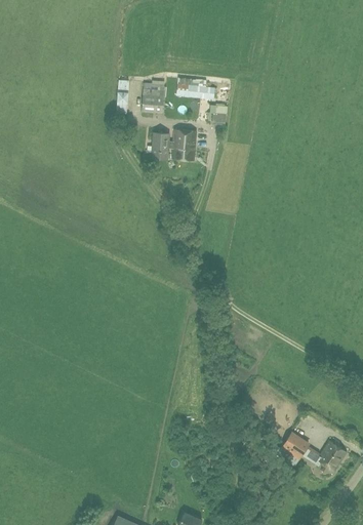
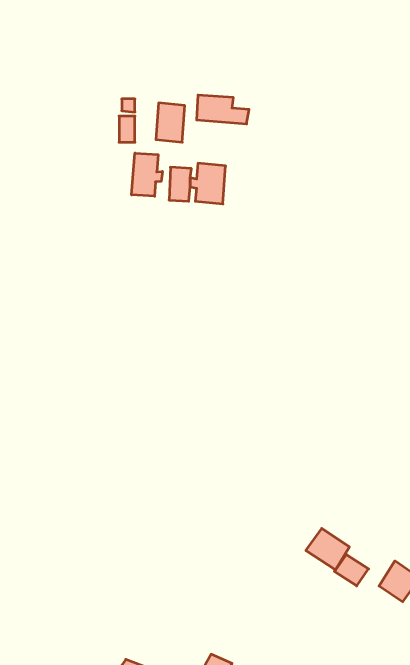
building: none -> [132,153,162,196]
building: none -> [306,528,349,570]

